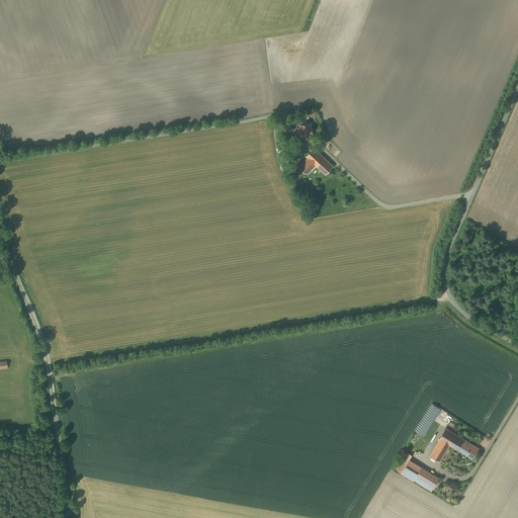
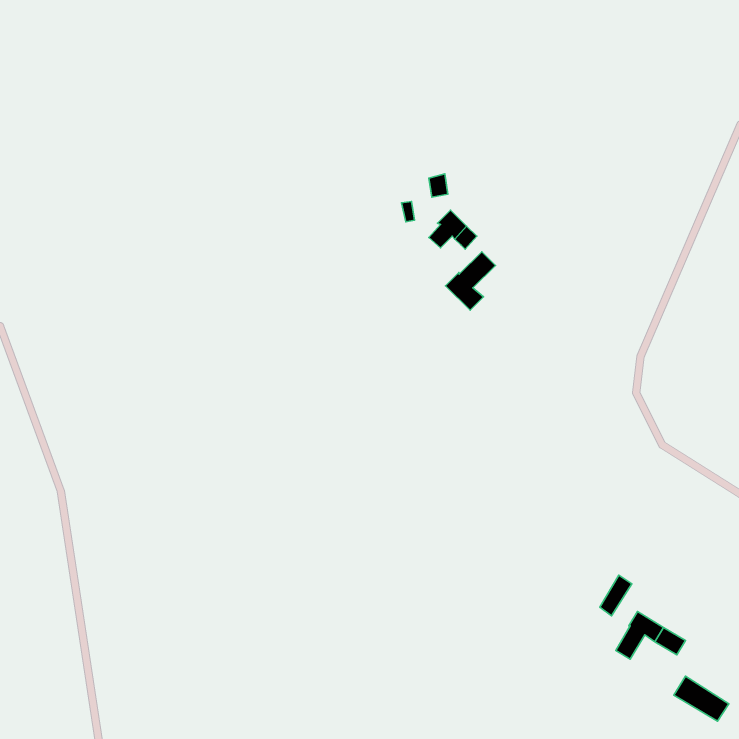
building: none -> [446,252,495,310]
building: [402,458,440,490] -> [674,676,729,721]

